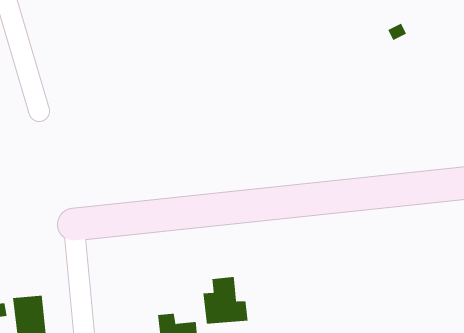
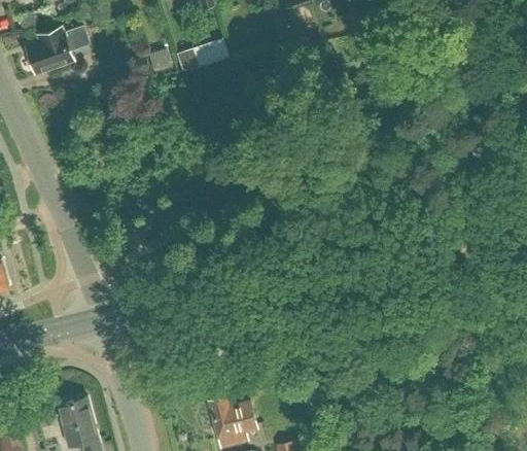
building: [203,276,248,325] -> none

